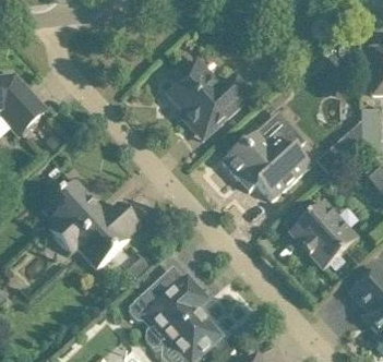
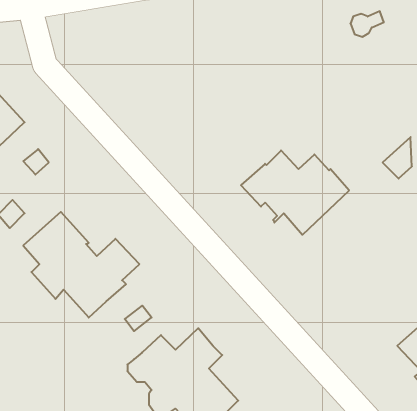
building: [168,58,250,138] -> none
building: [289,200,358,268] -> none

